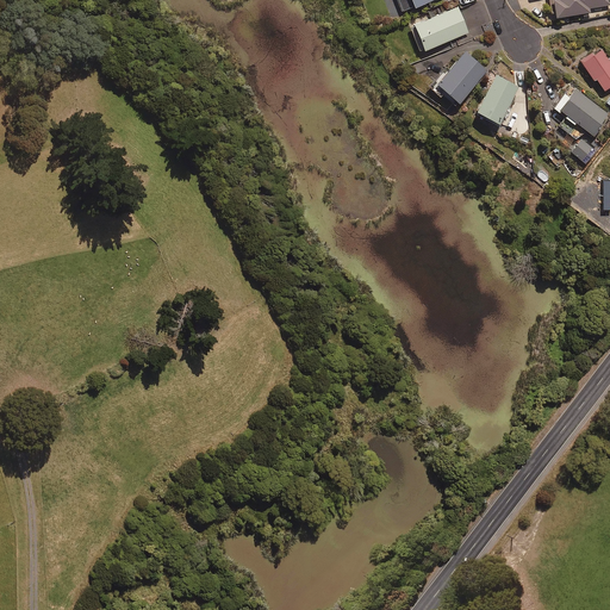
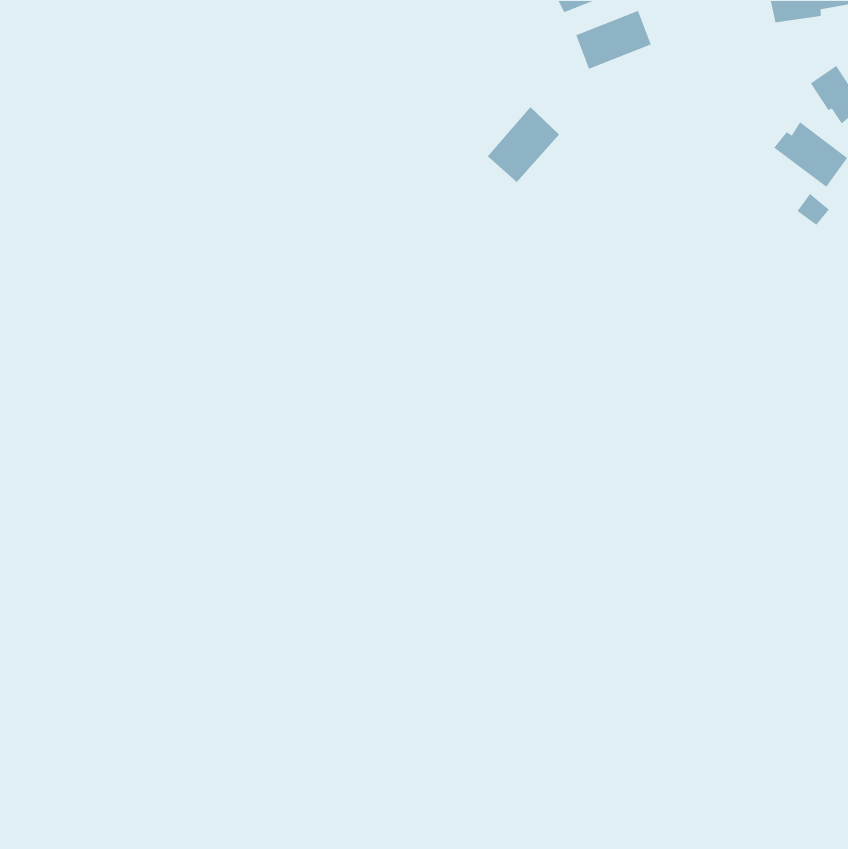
building: [435,50,487,105] -> [487,106,560,183]
building: [475,74,519,124] -> none

